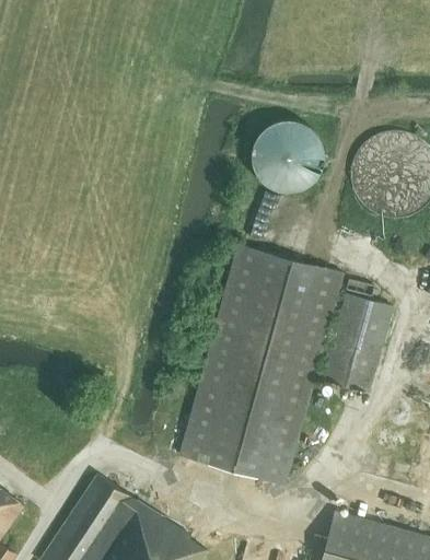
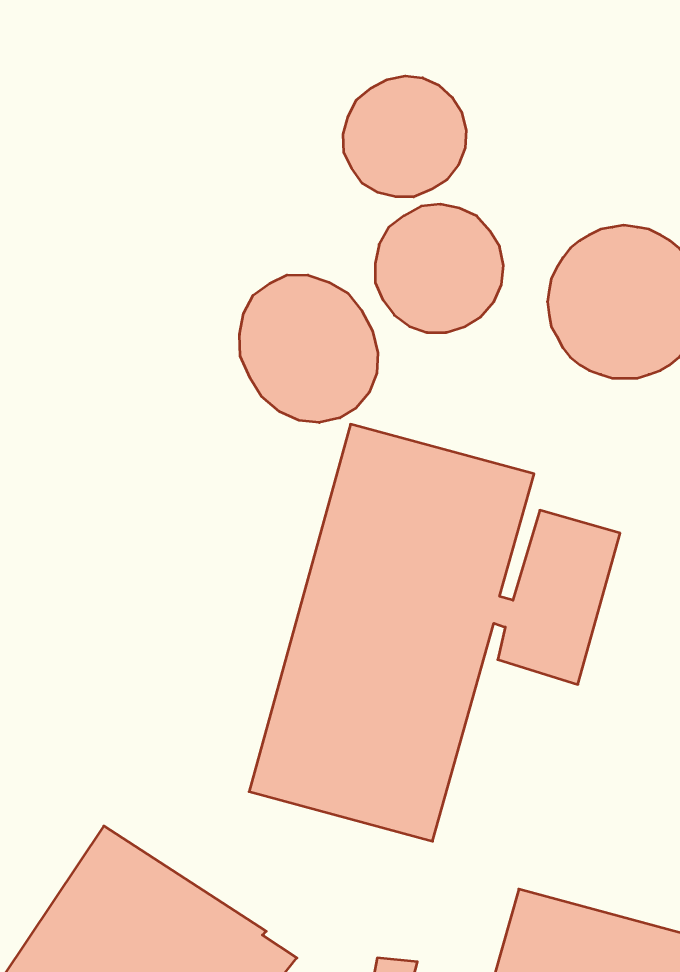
building: none -> [343,76,466,197]
building: none -> [240,275,378,423]

